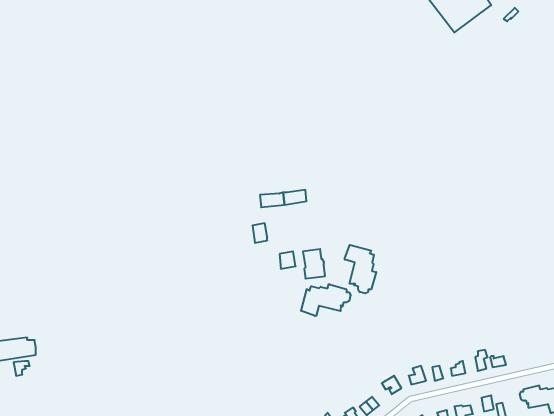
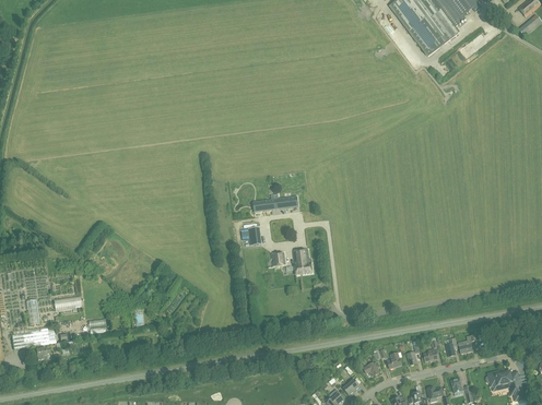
building: [345,245,376,293] -> none
building: [301,284,350,316] -> none

